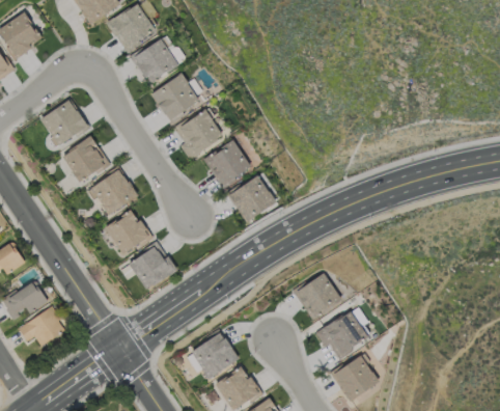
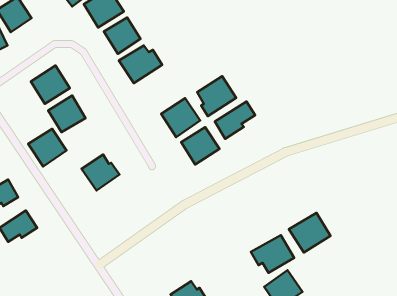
building: [175,109,224,159] -> [197,76,236,116]
building: none -> [215,102,255,139]
building: [90,168,138,215] -> [28,129,66,166]
building: [128,242,176,290] -> none
building: [294,271,345,321] -> [289,213,331,253]
building: [18,306,66,346] -> none
building: [191,331,239,378] -> none

